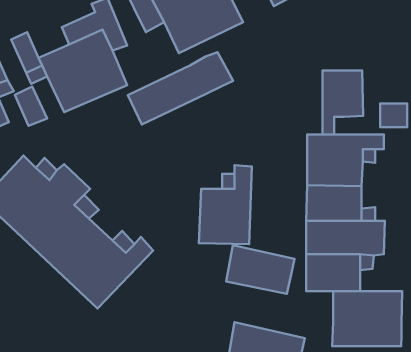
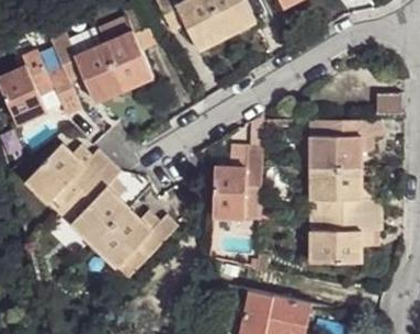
building: [128,52,233,125] -> none
building: [323,71,363,134] -> none
building: [226,245,295,294] -> none
building: [332,291,402,346] -> none

